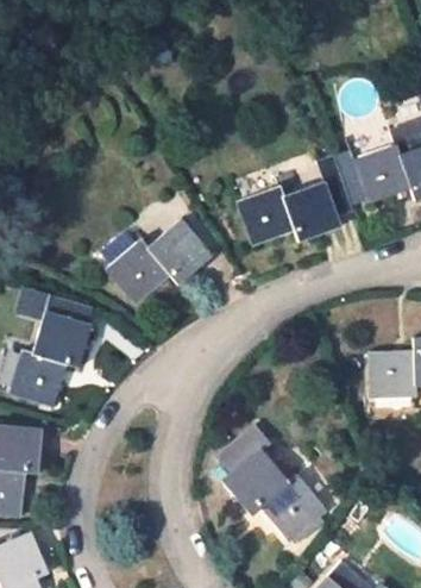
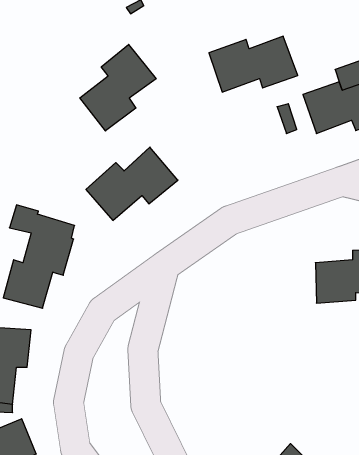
building: none -> [80,44,156,131]
building: [238,181,340,245] -> [209,36,298,92]
building: [216,426,323,540] -> none

